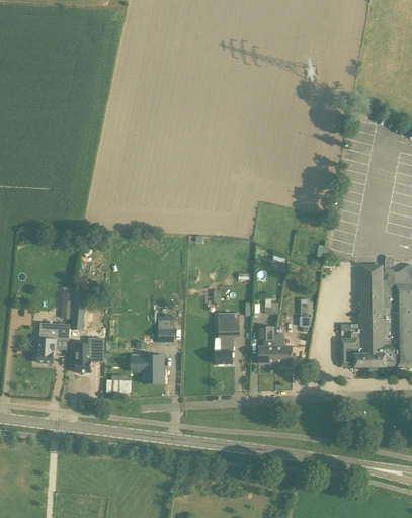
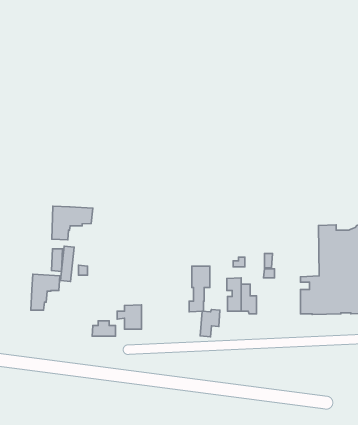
building: none -> [52,206,93,240]
building: [157,315,173,342] -> none
building: [74,338,102,374] -> none
building: none -> [200,309,220,337]

